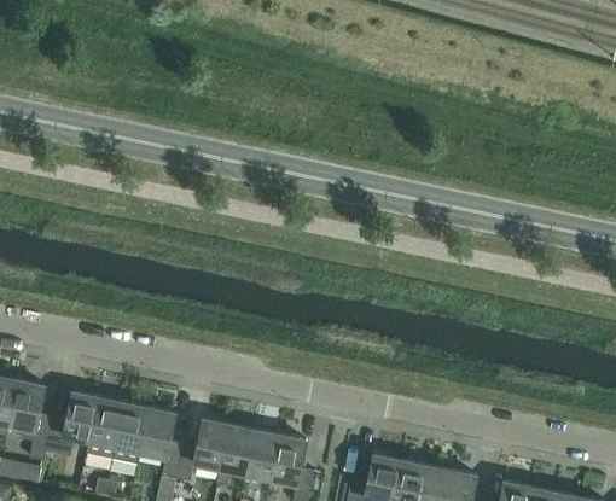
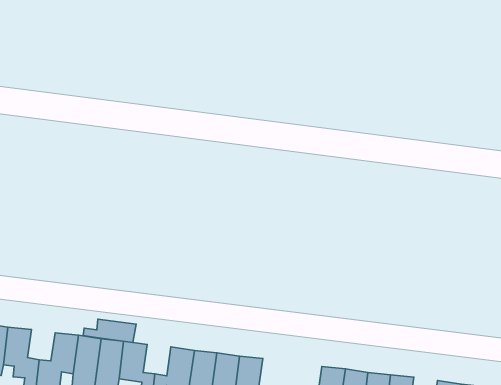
building: none -> [83,319,136,342]

